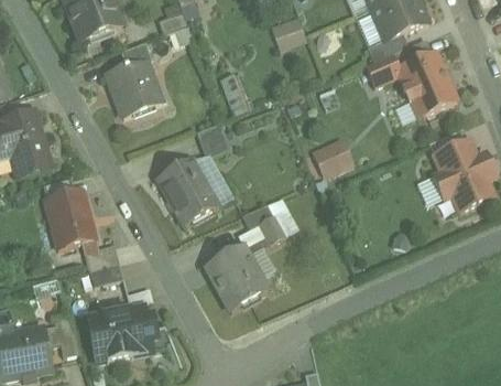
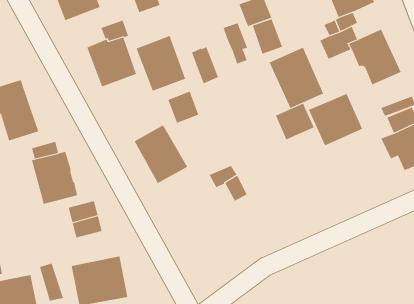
building: none -> [252,18,283,55]
building: none -> [223,23,248,65]
building: none -> [136,35,186,92]
building: none -> [269,47,324,109]
building: none -> [308,93,363,146]
building: [205,243,268,309] -> none

